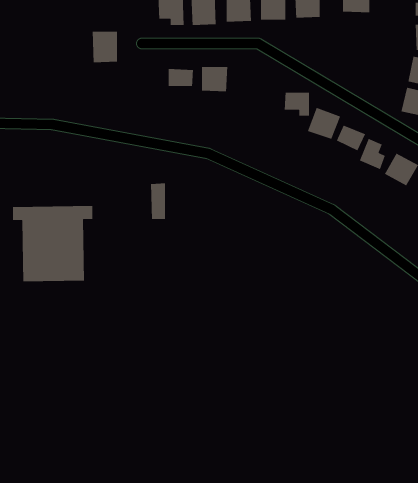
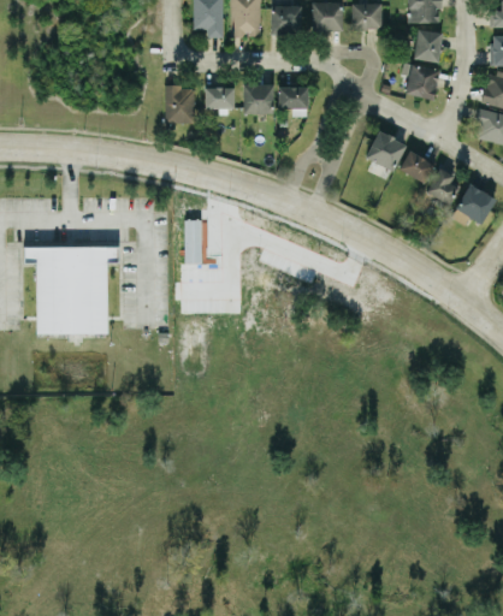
building: none -> [413,29,443,63]
building: [92,31,118,63] -> [165,87,195,124]
building: none -> [402,63,439,99]
building: [284,92,310,117] -> [278,87,308,116]

